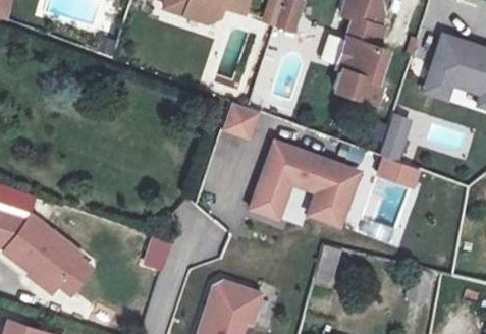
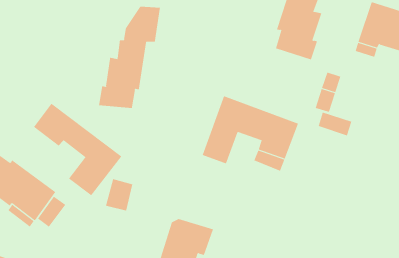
building: none -> [99,6,160,109]
building: [223,102,259,137] -> none
building: none -> [33,103,122,196]

